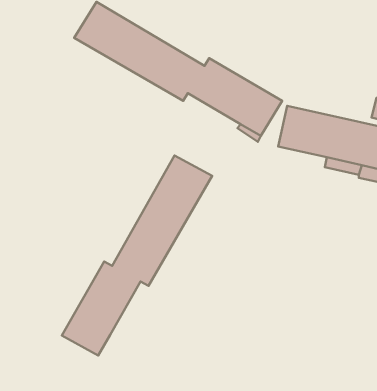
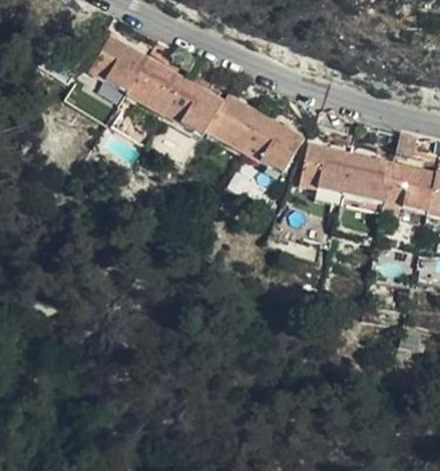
building: [62,156,212,355] -> none

